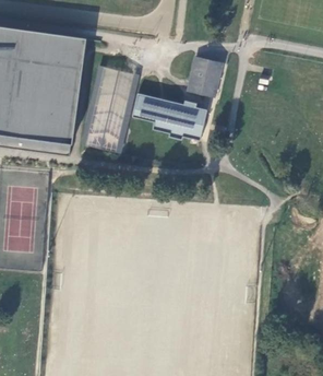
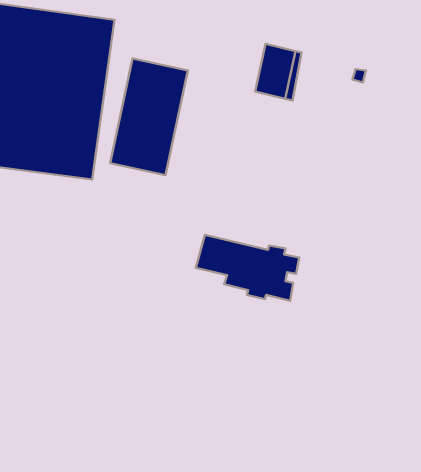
building: [132,91,207,139] -> [196,235,299,301]

